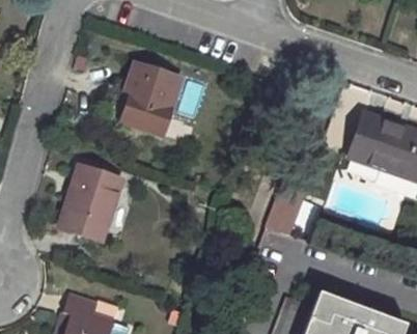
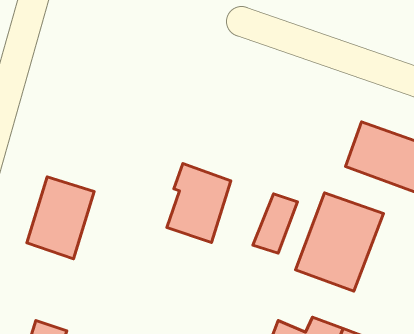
building: [122,62,180,134] -> [167,164,231,242]
building: none -> [295,193,384,291]

